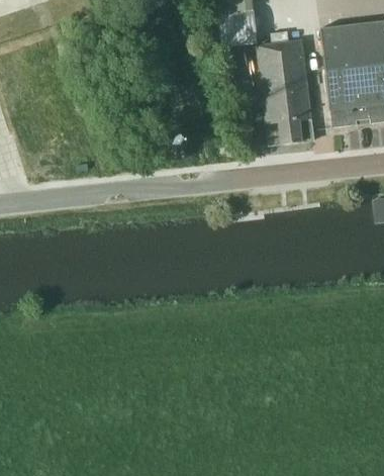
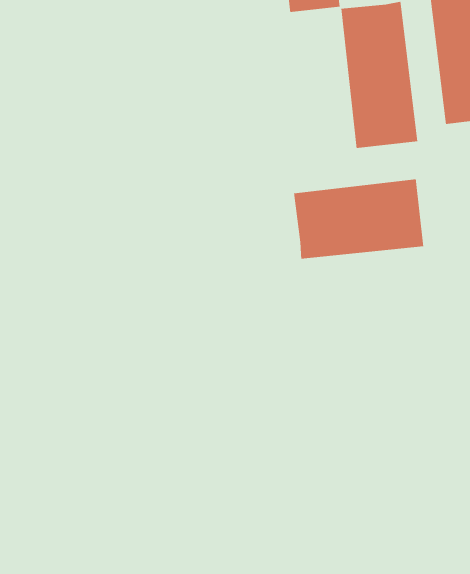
building: none -> [293,178,424,260]

